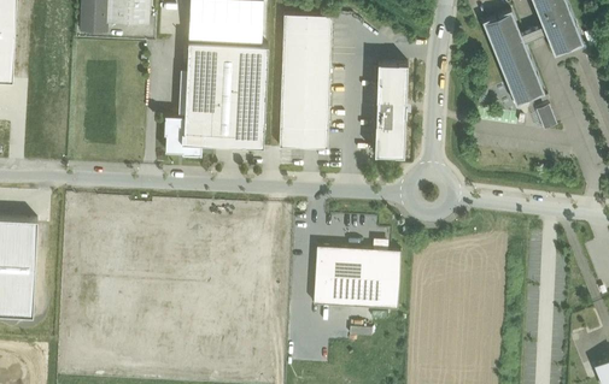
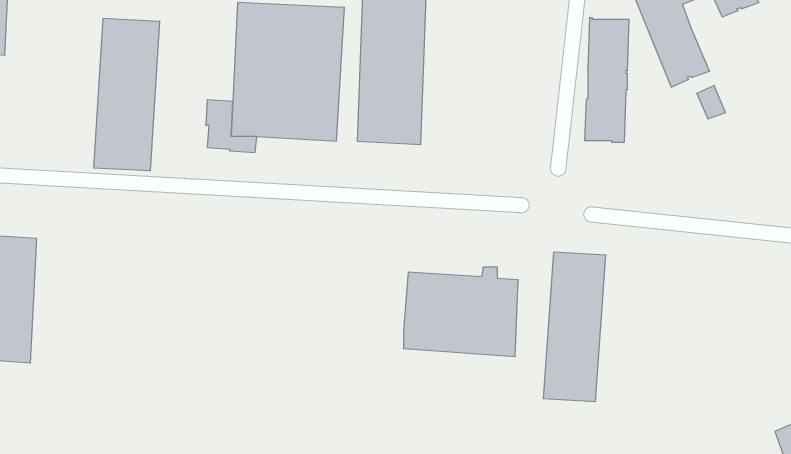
building: none -> [94,18,160,171]
building: [374,60,408,154] -> [585,18,629,142]
building: none -> [543,252,606,402]

